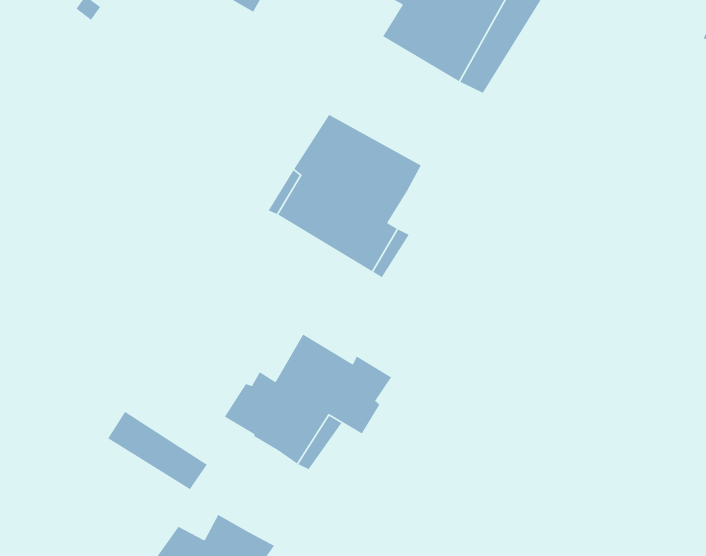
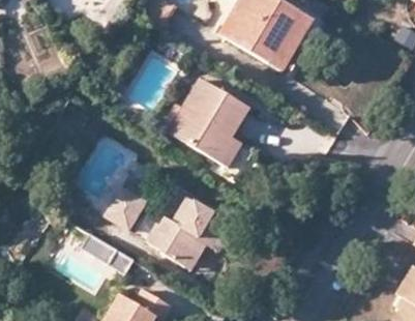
building: none -> [105,186,144,227]

